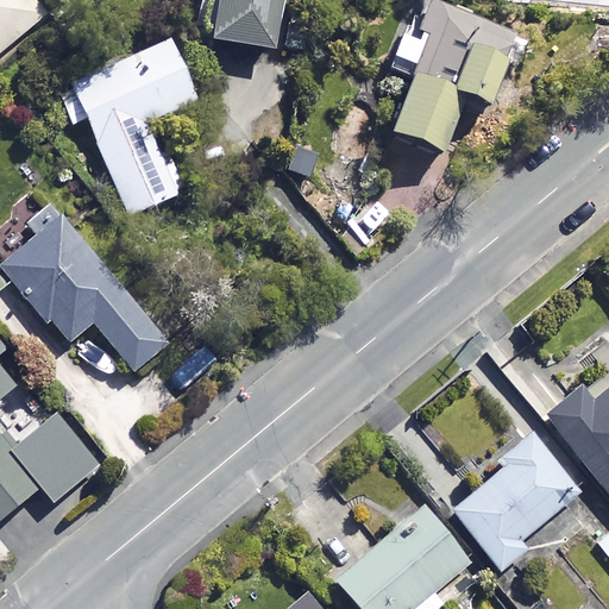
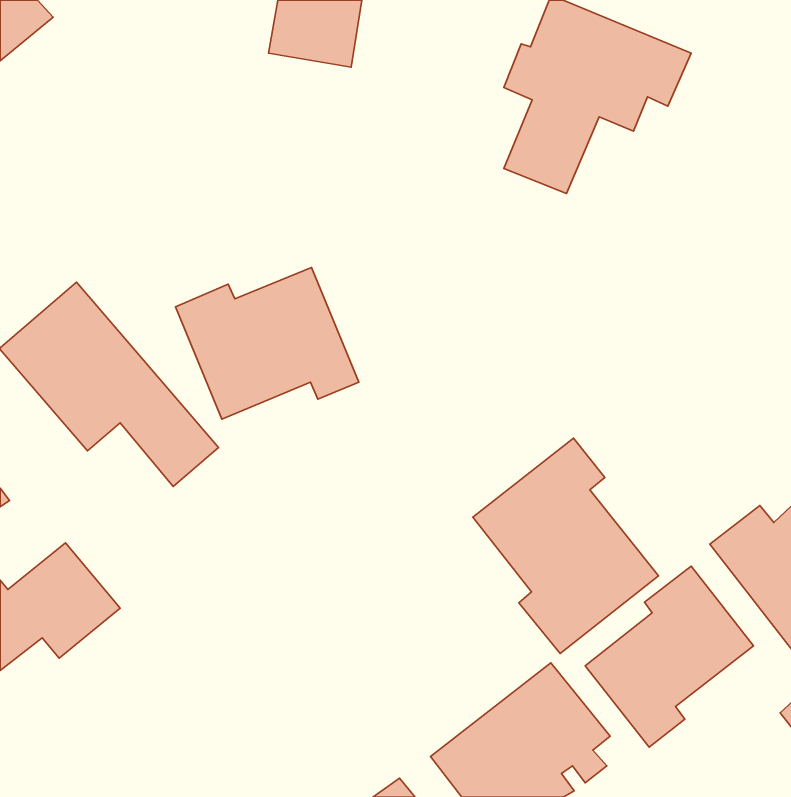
building: [73,40,195,215] -> none
building: none -> [175,267,359,419]
building: none -> [473,438,659,654]

